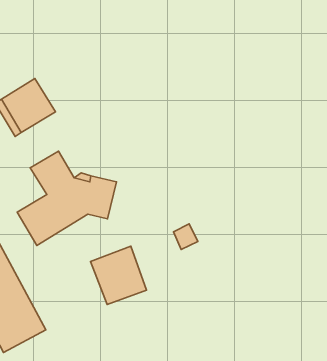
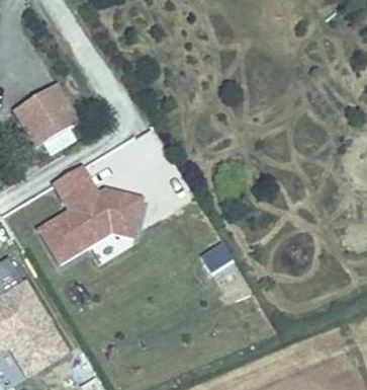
building: [91,246,147,304] -> none

